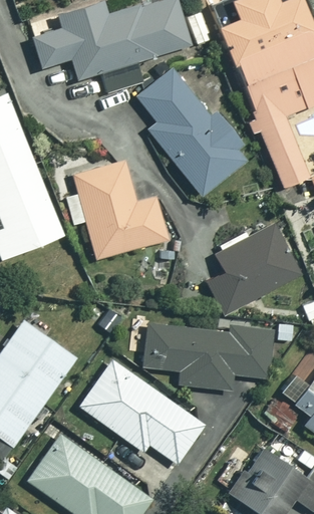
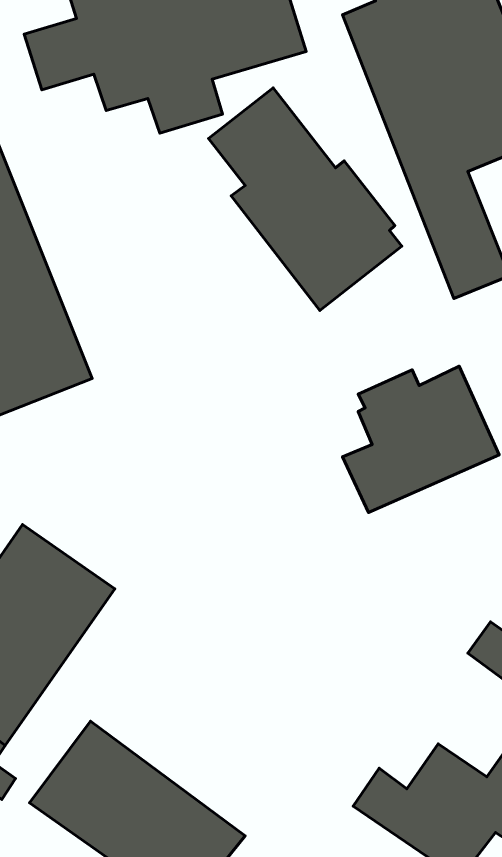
building: [68,159,169,259] -> none
building: [142,323,273,391] -> none
building: [80,358,206,464] -> none

